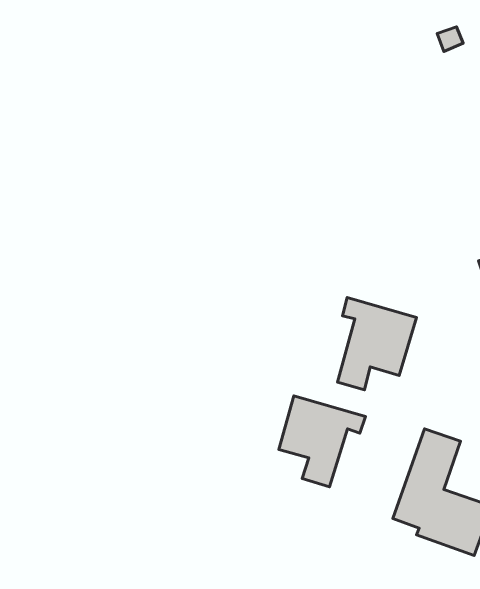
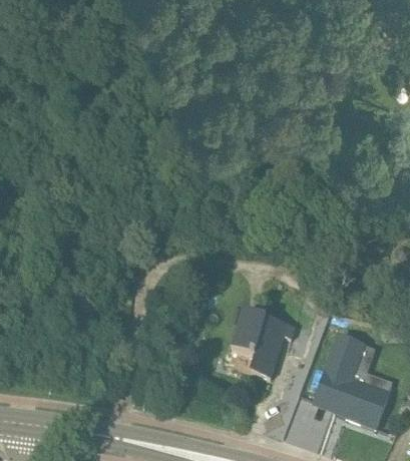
building: [338,298,416,390] -> none

